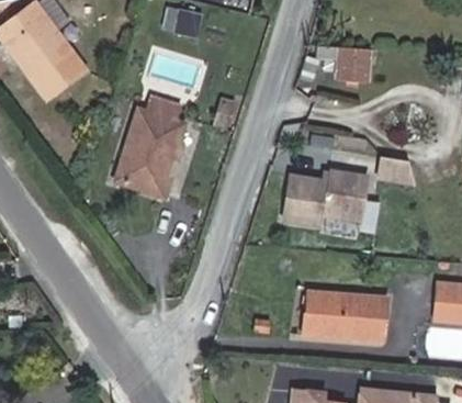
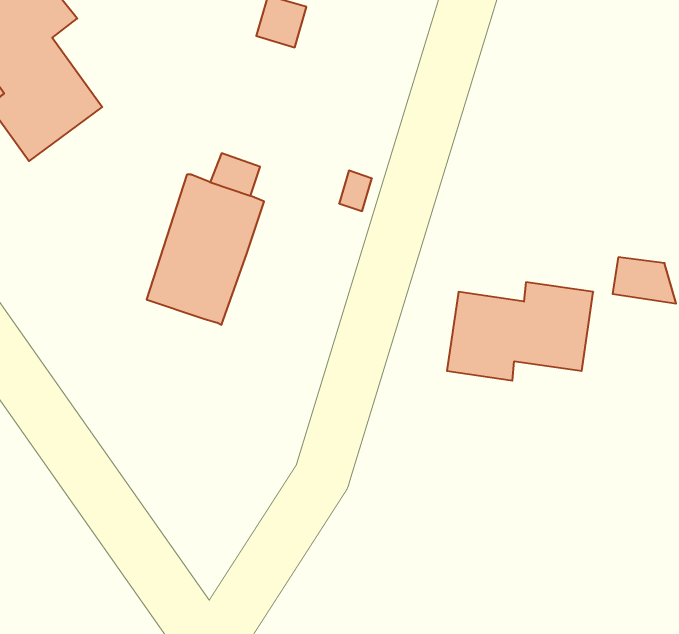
building: [340,48,372,83] -> none
building: [307,293,385,340] -> none

